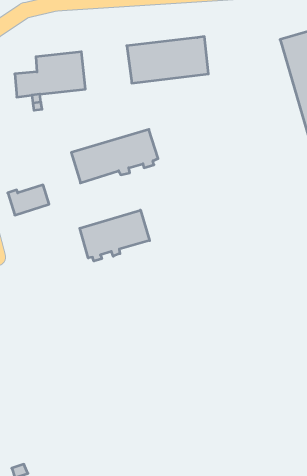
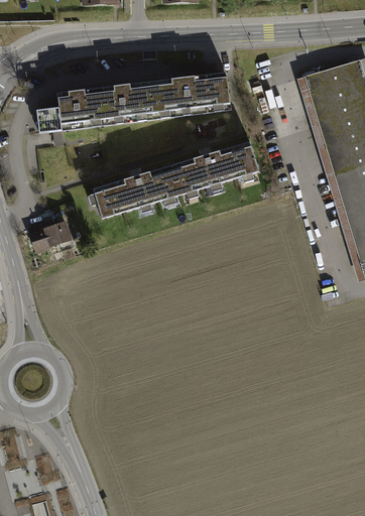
building: none -> [103,81,153,124]
building: none -> [170,140,258,197]
building: [80,210,150,261] -> none

